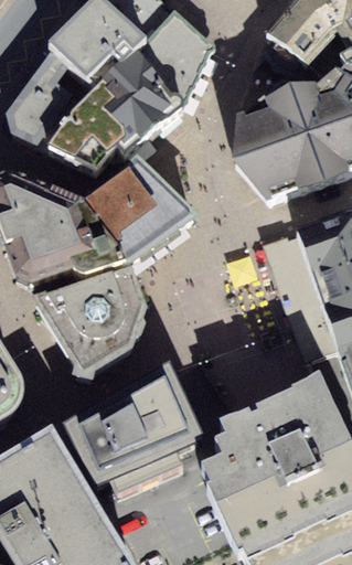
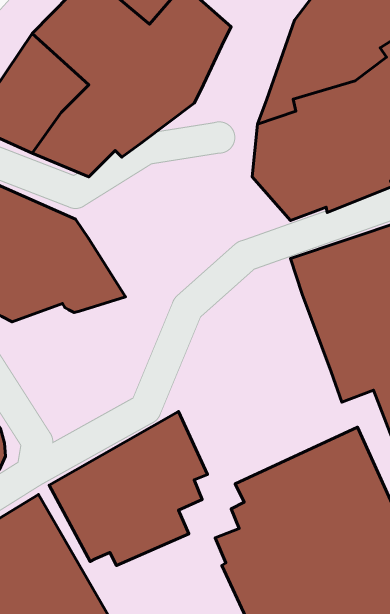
building: [85,153,201,265] -> none
building: [32,268,148,381] -> none

